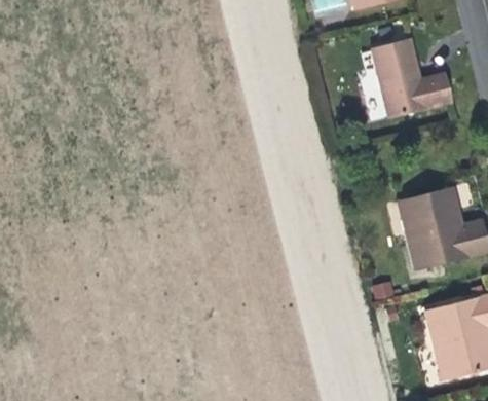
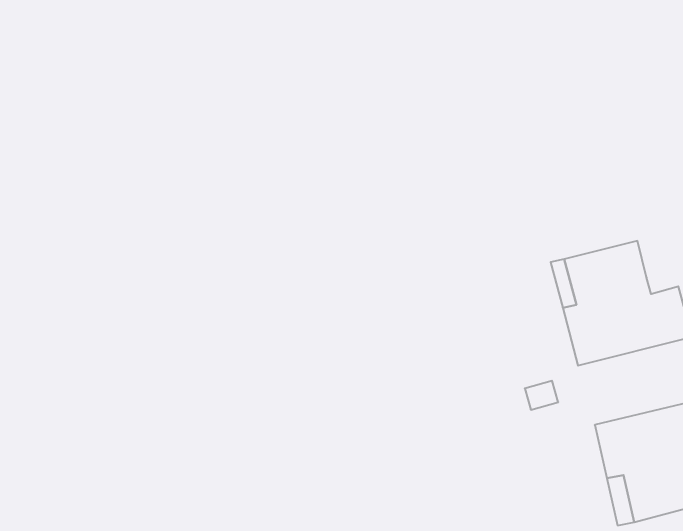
building: [373,38,455,119] -> none

